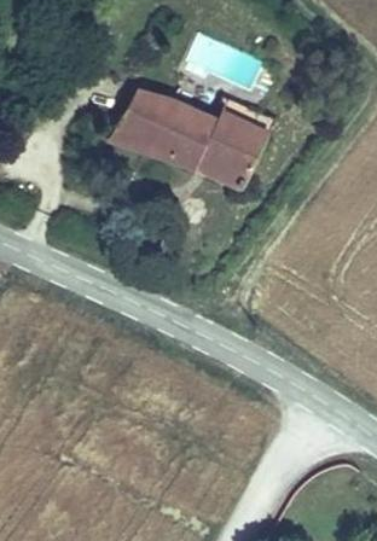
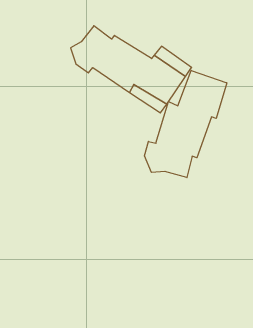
building: none -> [144,70,227,178]

